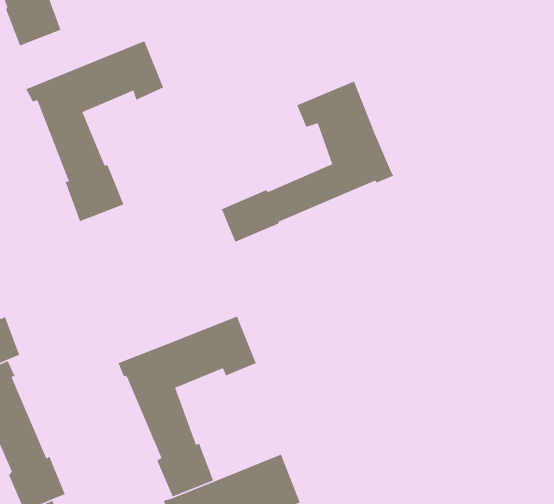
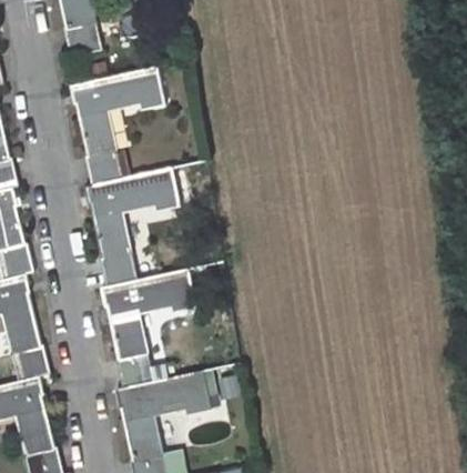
building: [221,80,394,243] -> none
building: none -> [83,170,181,288]

